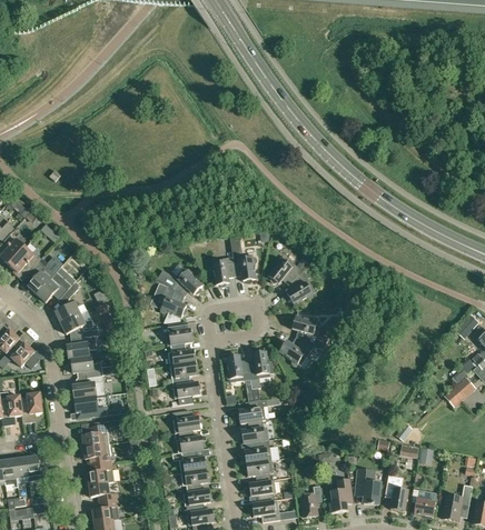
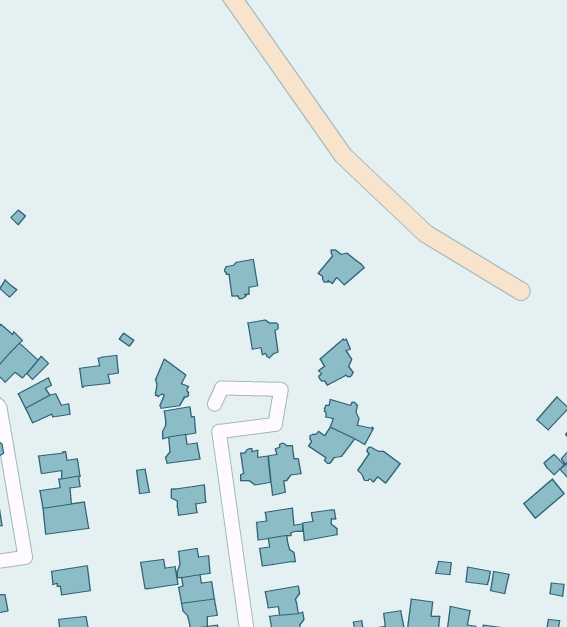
building: [209,256,235,286] -> [225,260,258,299]
building: [267,257,303,283] -> [318,250,364,285]
building: [167,268,201,296] -> none
building: [66,334,96,359] -> [79,356,118,387]
building: none -> [358,447,400,483]
building: [169,360,197,383] -> none
building: [171,409,200,431] -> [141,560,178,588]
building: [79,423,108,447] -> none
building: [244,439,270,462] -> [303,510,337,540]
building: [83,461,112,483] -> none

